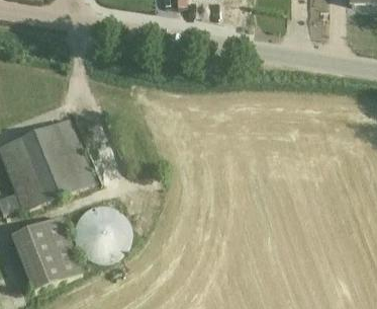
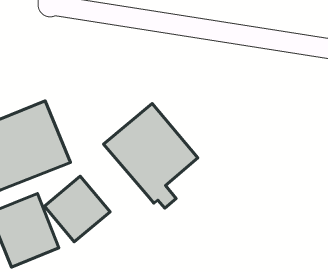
building: none -> [104,103,198,208]

